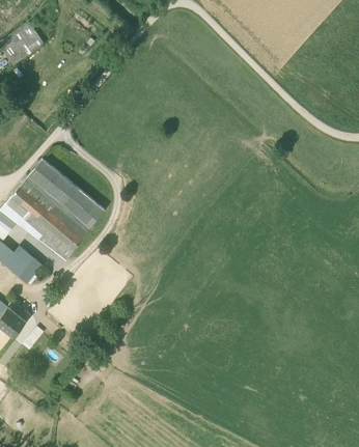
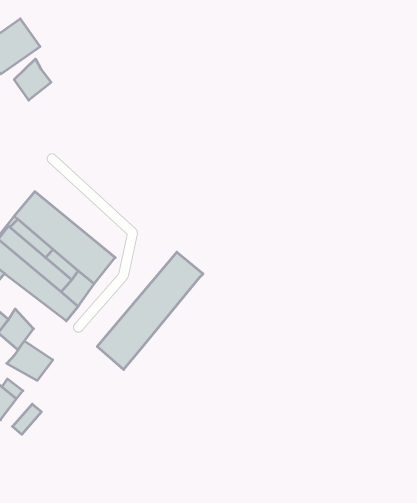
building: none -> [14,59,51,100]
building: none -> [97,252,203,370]
building: none -> [7,341,53,380]

